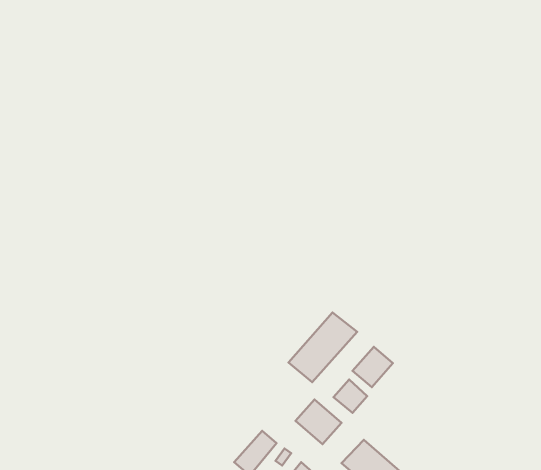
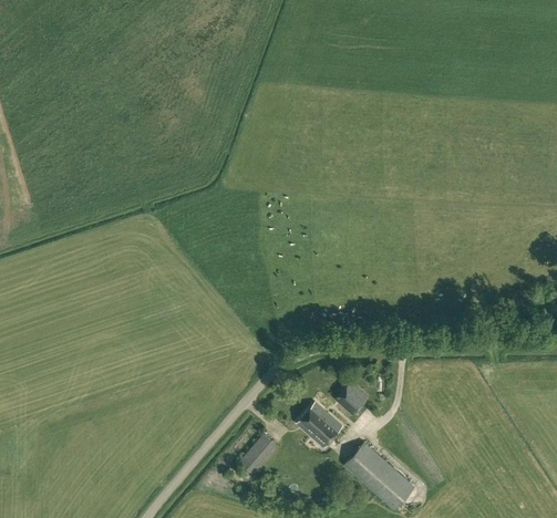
building: [289,312,357,382] -> none
building: [353,347,393,387] -> none

